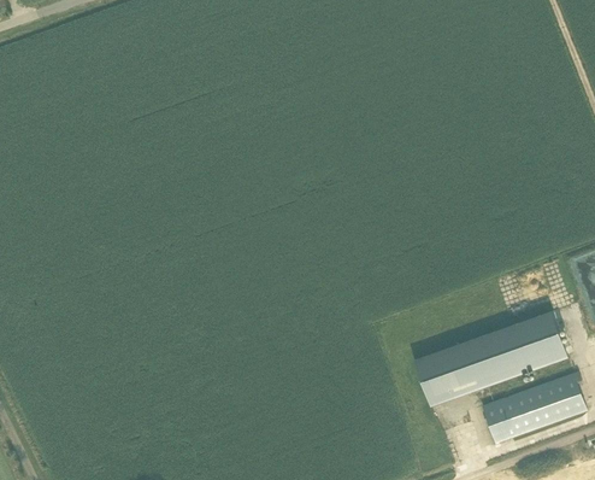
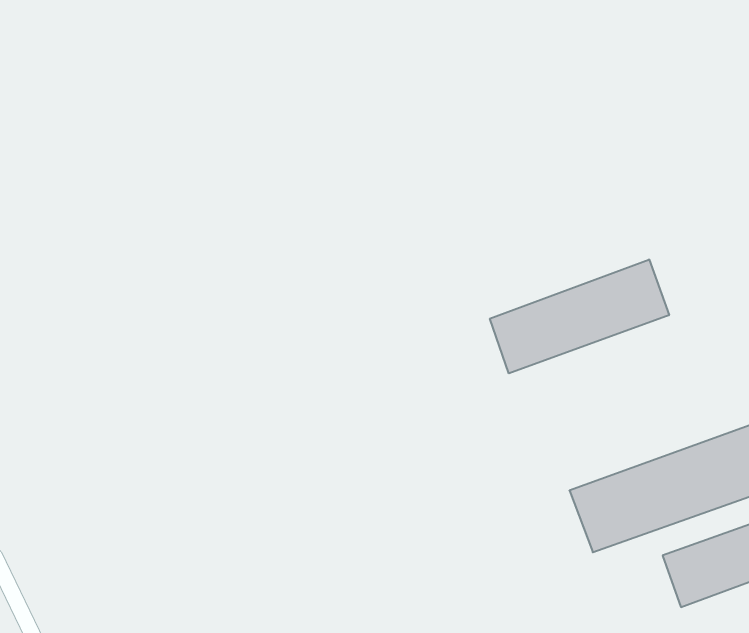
building: none -> [490,259,669,373]

